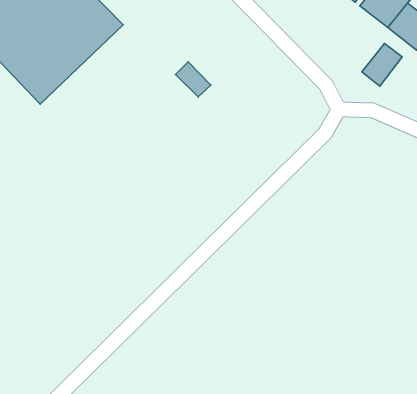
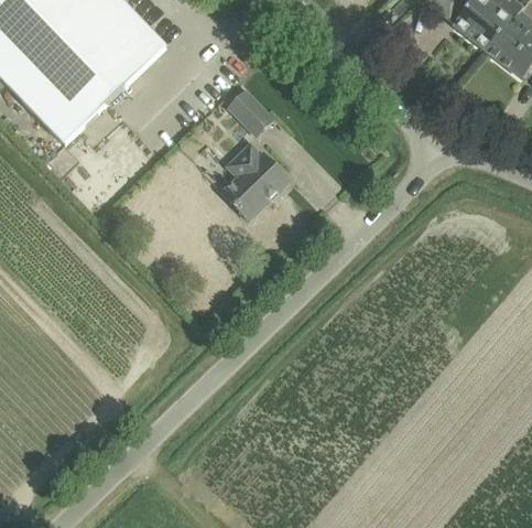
building: [362,44,402,86] -> none
building: none -> [222,143,290,218]

